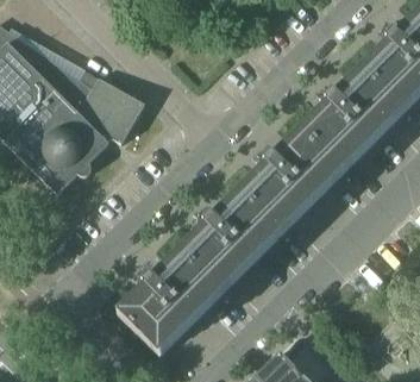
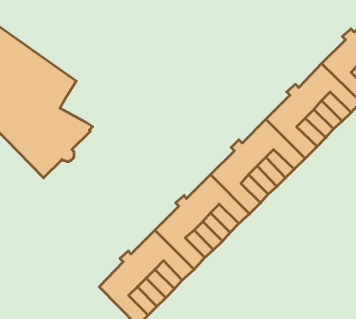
building: [74,77,143,144] -> none

